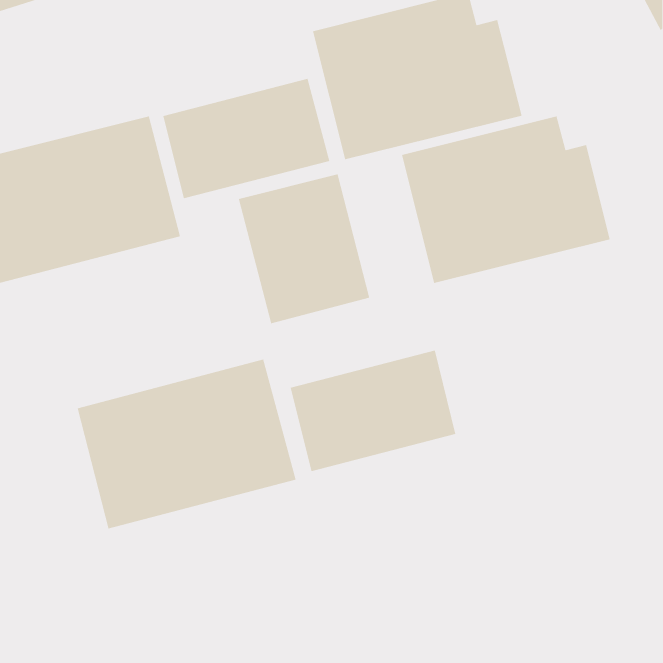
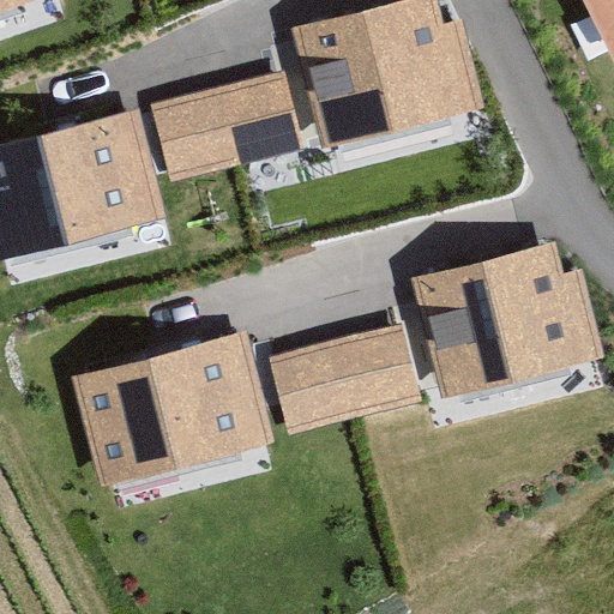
building: [401,116,610,284] -> [410,243,603,398]
building: [238,174,370,324] -> none

